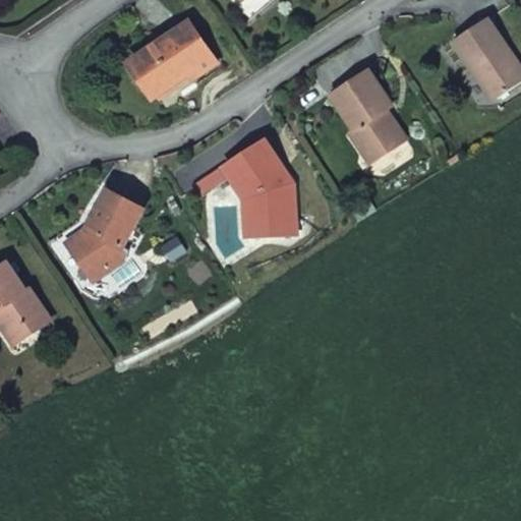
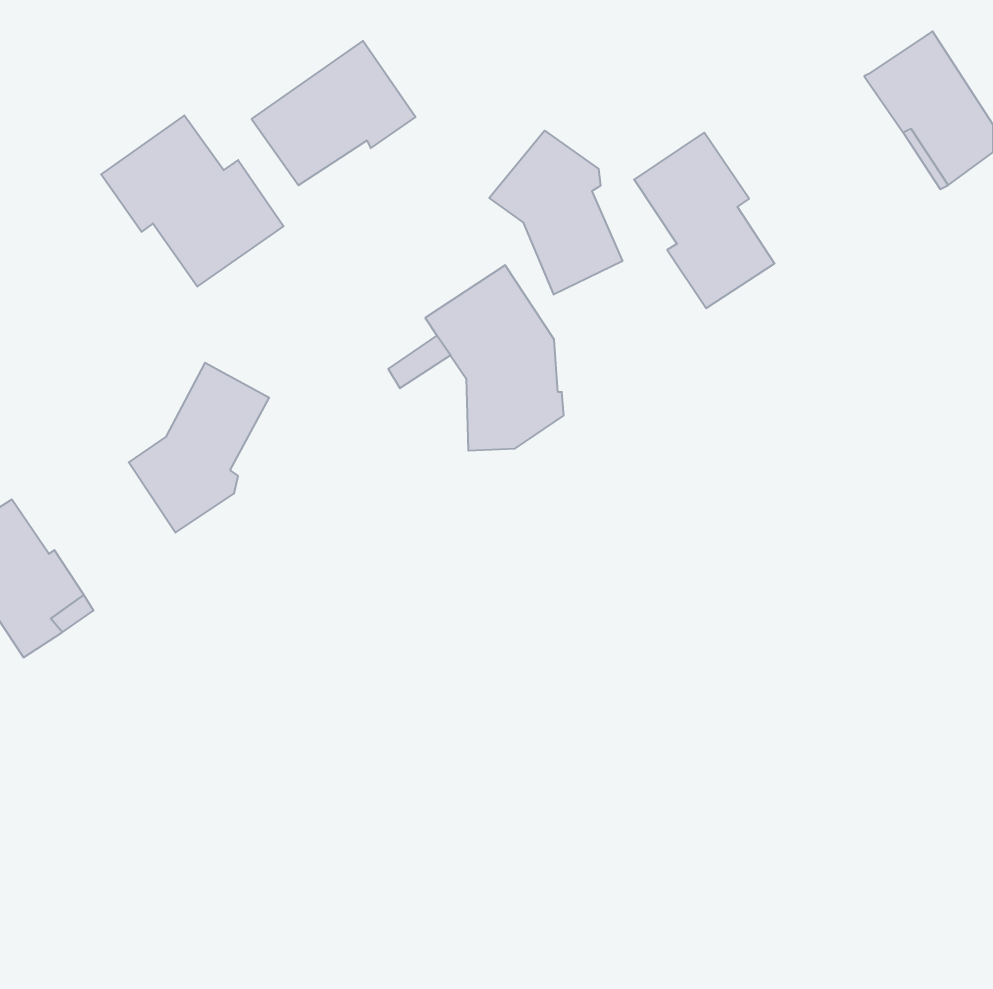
building: none -> [101,115,284,287]
building: none -> [489,131,622,295]

